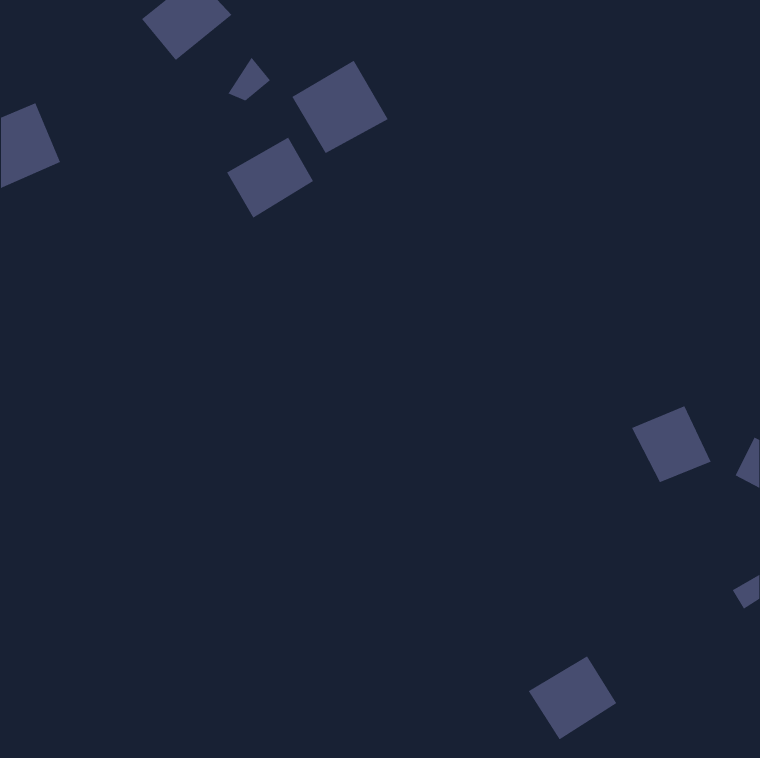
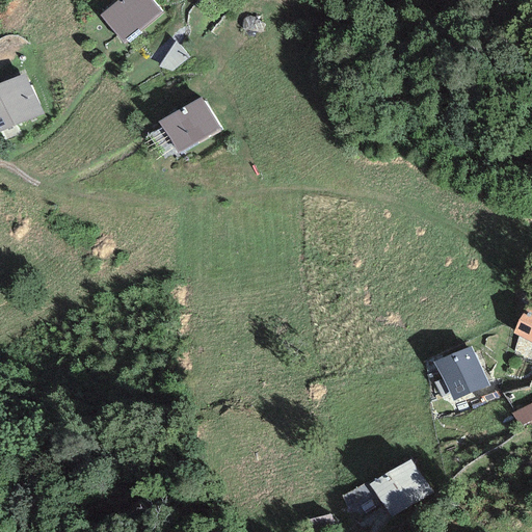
building: [292,60,389,154] -> none
building: [631,405,712,483] -> [433,346,489,400]

